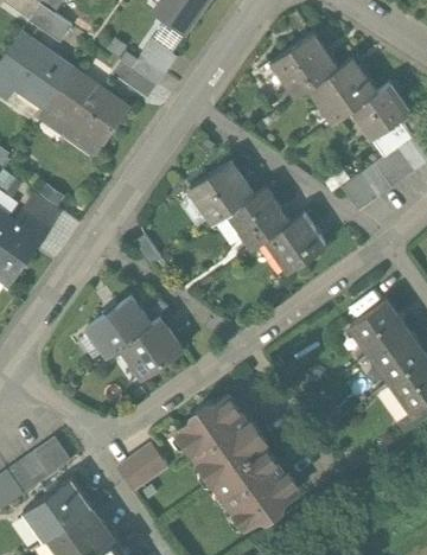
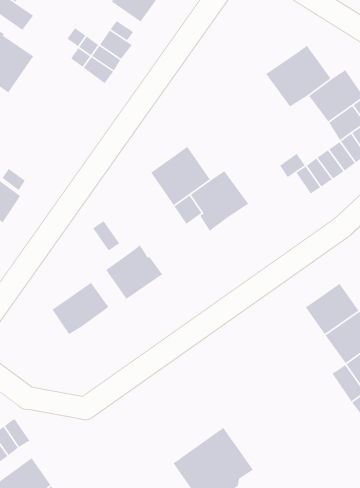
building: [269,31,338,97] -> none
building: [45,69,125,145] -> none
building: [269,211,326,270] -> none
building: [121,319,180,376] -> [105,244,163,300]
building: [176,393,266,484] -> none
building: [115,445,165,491] -> none

